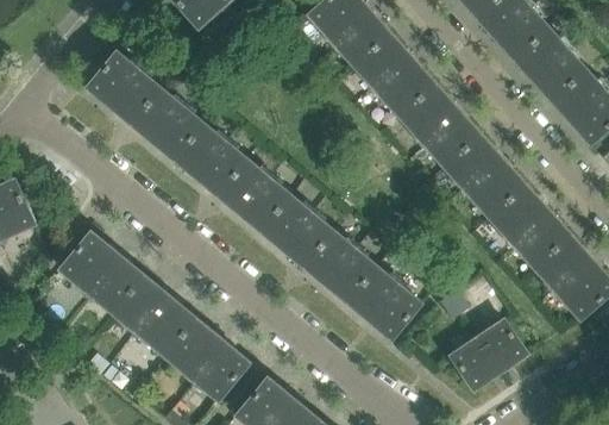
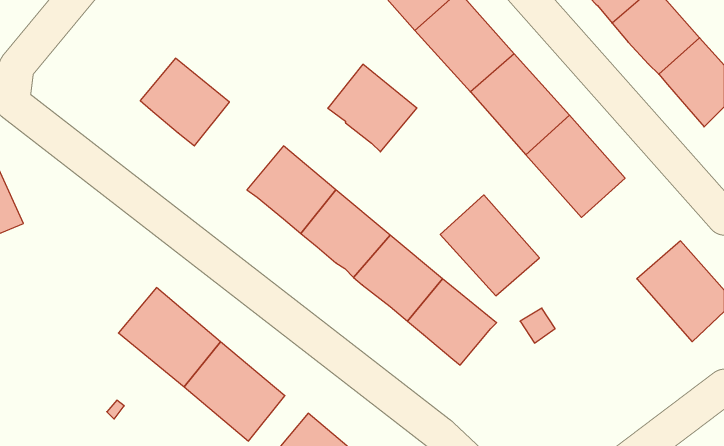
building: [88,52,159,123] -> none
building: [175,124,247,195] -> [328,64,417,152]
building: [490,186,571,268] -> [440,195,539,296]
building: [61,232,144,312] -> none
building: [451,320,527,390] -> none

